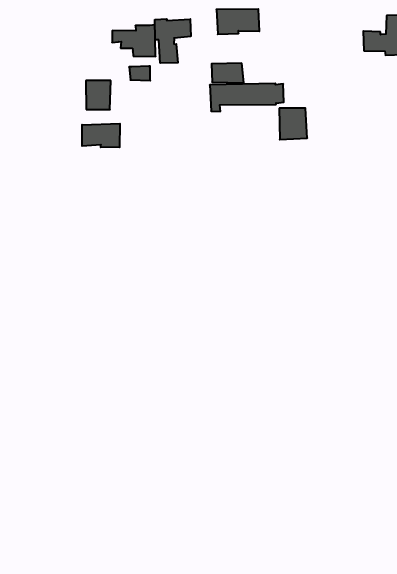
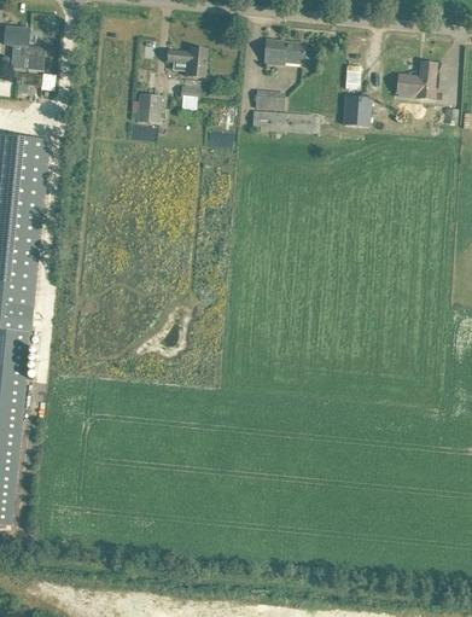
building: [155,19,191,63] -> none
building: [279,108,307,140] -> [340,95,367,126]
building: [82,124,120,147] -> none

